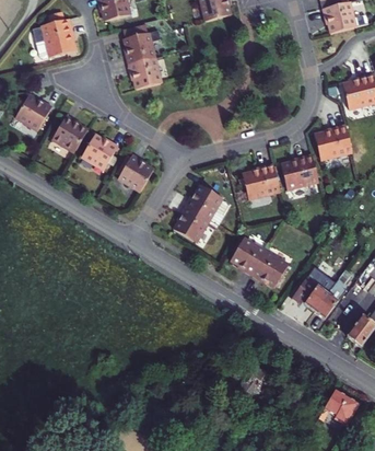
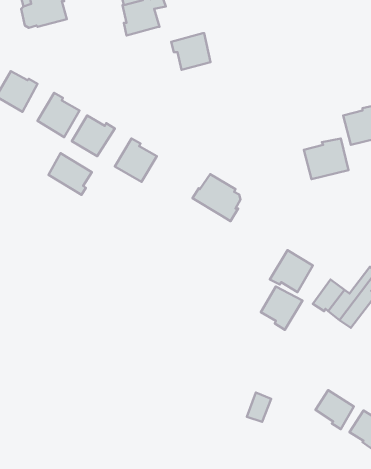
building: [129,58,163,90] -> [171,33,211,70]
building: [243,164,282,199] -> none
building: none -> [48,153,92,195]
building: [175,206,210,242] -> none
building: [232,239,268,276] -> [261,287,303,330]
building: none -> [315,390,354,429]

